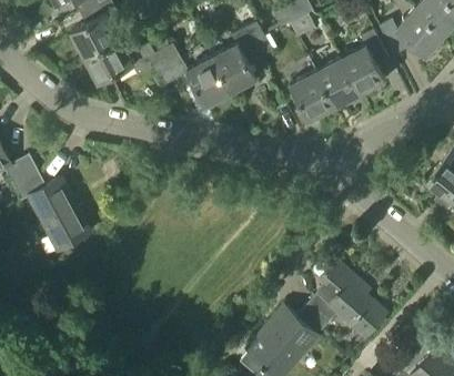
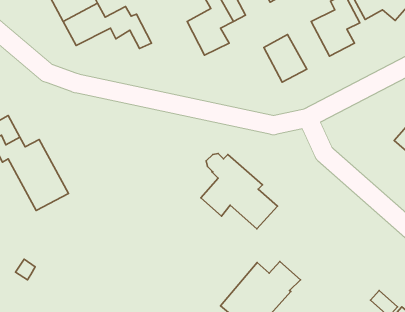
building: [160,43,230,105] -> none
building: [315,58,359,106] -> none
building: [307,258,386,336] -> [201,153,277,229]

